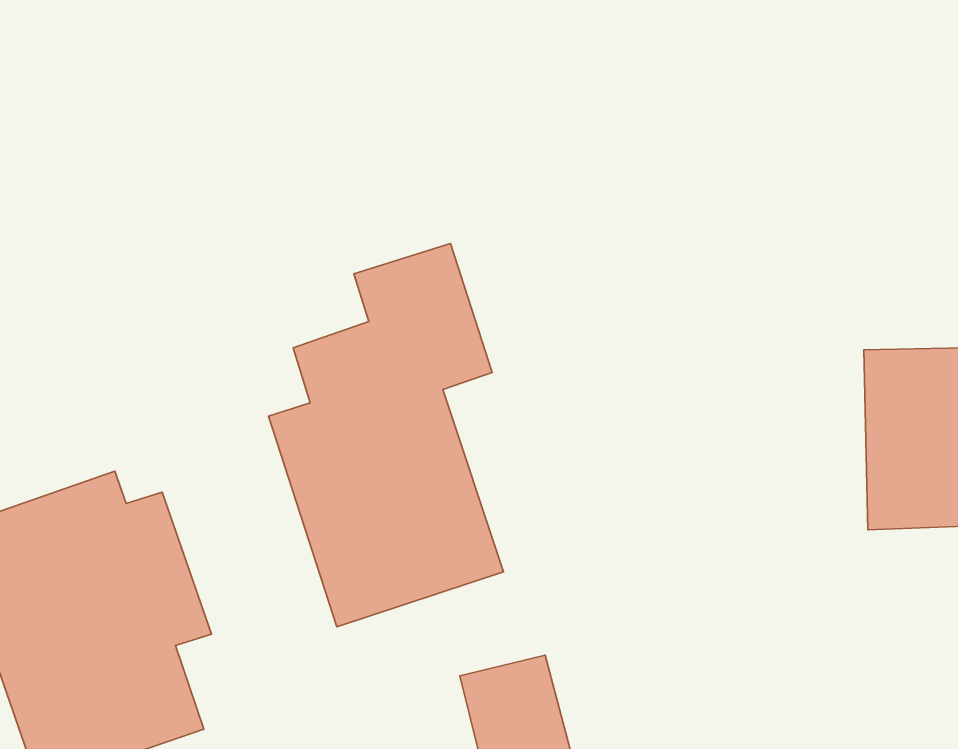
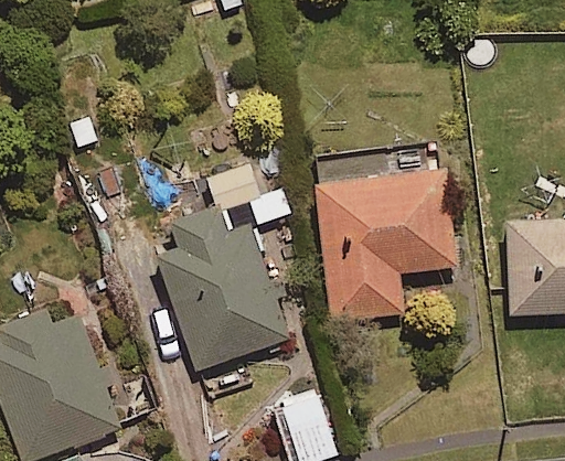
building: none -> [313,154,454,324]

